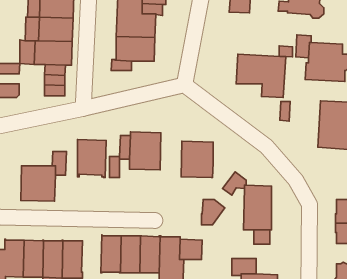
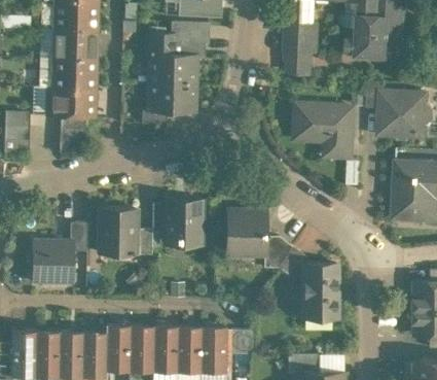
building: none -> [285,53,311,78]
building: [201,200,225,225] -> [264,237,293,268]
building: none -> [106,324,131,371]

